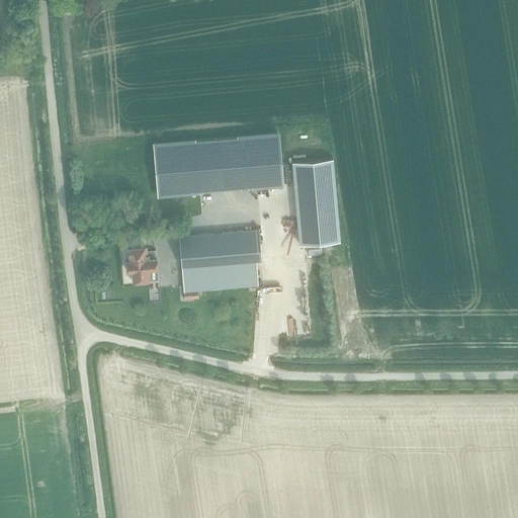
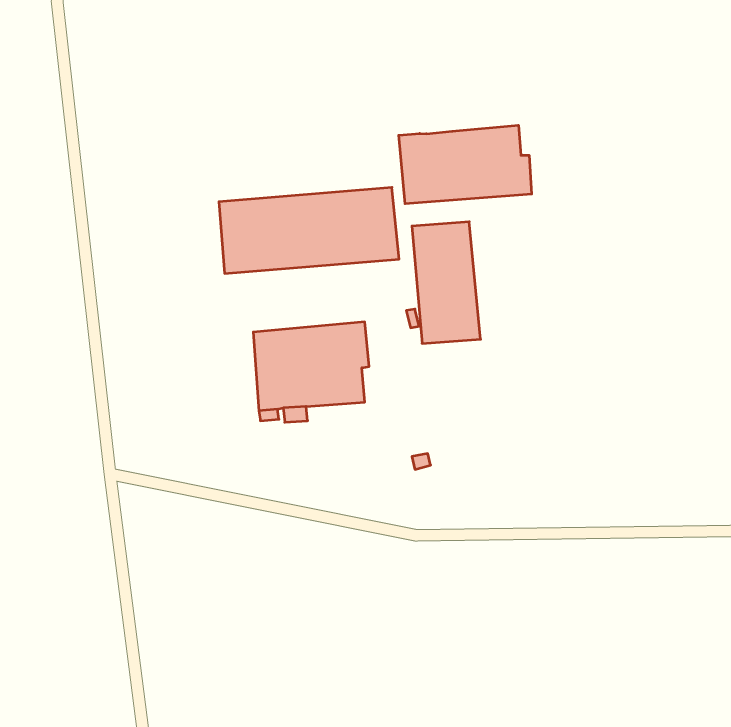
building: none -> [399,125,532,204]
building: [124,249,157,284] -> none

